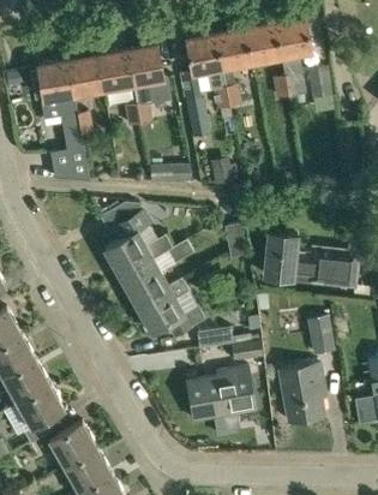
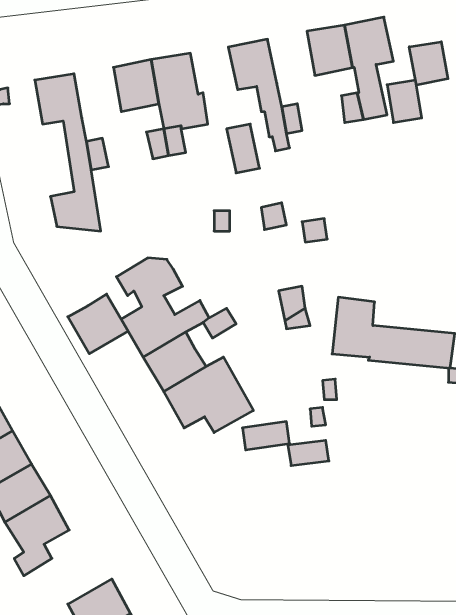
building: [215,30,251,70] -> none
building: none -> [409,42,448,85]
building: [67,58,103,96] -> none
building: none -> [68,294,128,354]
building: [306,316,335,356] -> none
building: [280,364,325,424] -> none
building: [186,368,257,422] -> none
building: [48,423,96,467] -> none

